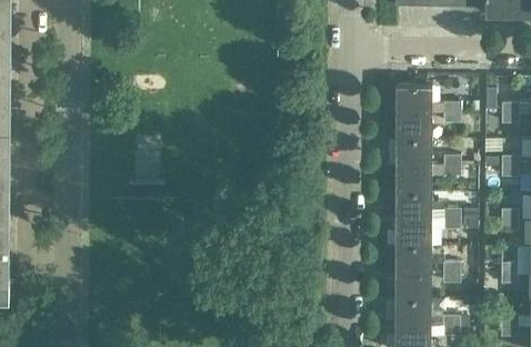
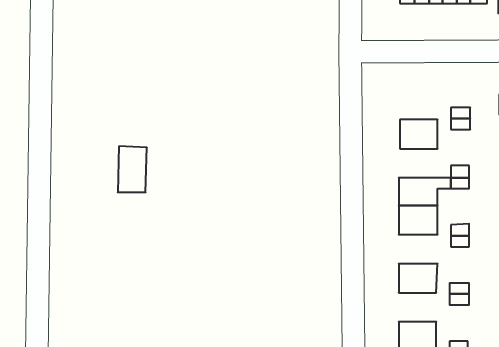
building: [395,85,430,112] -> none
building: [394,139,430,166] -> none
building: [394,218,430,245] -> none
building: [394,271,429,298] -> none

